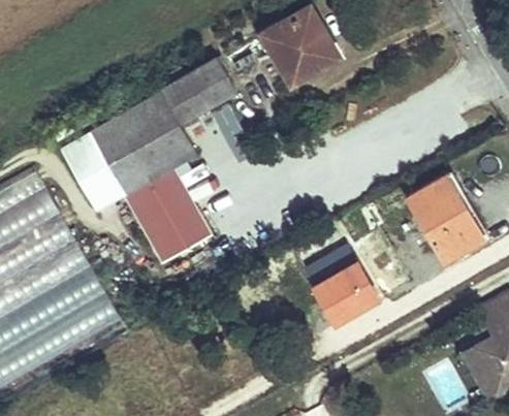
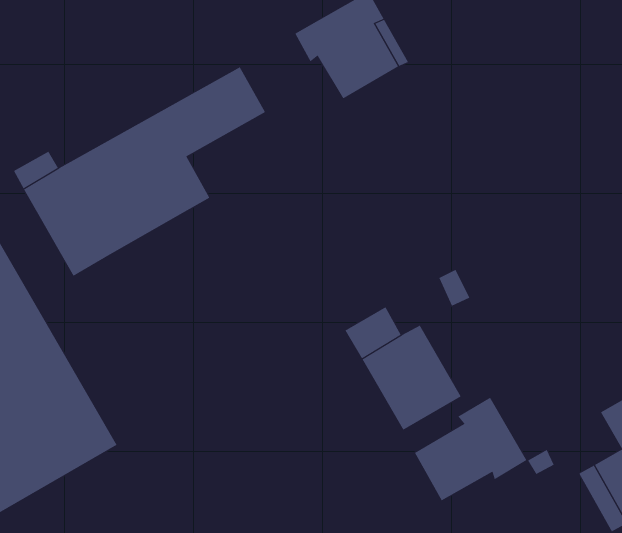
building: [123,167,212,263] -> none
building: [408,174,483,259] -> none
building: none -> [414,397,527,501]

